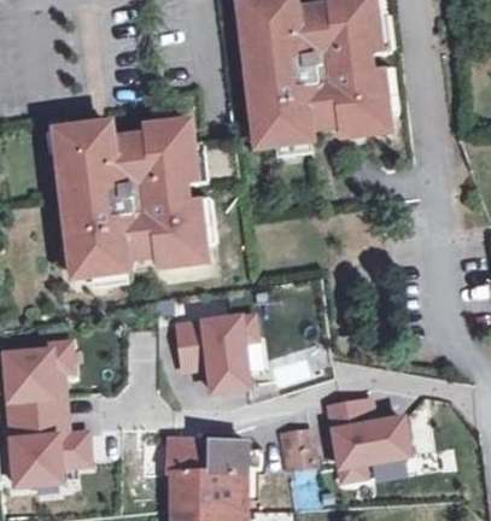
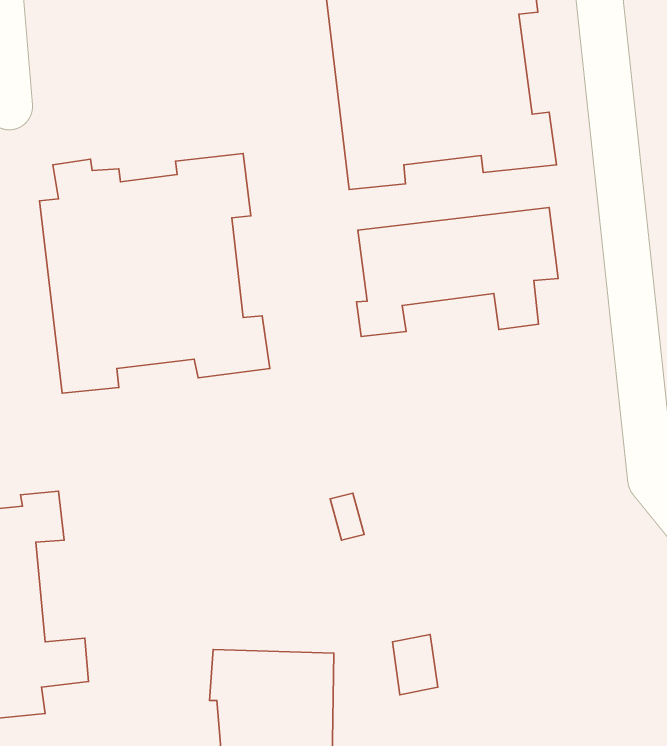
building: none -> [357,208,558,336]
building: [177,314,258,391] -> none
building: [329,400,407,480] -> none

